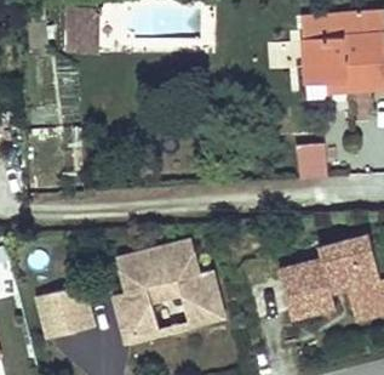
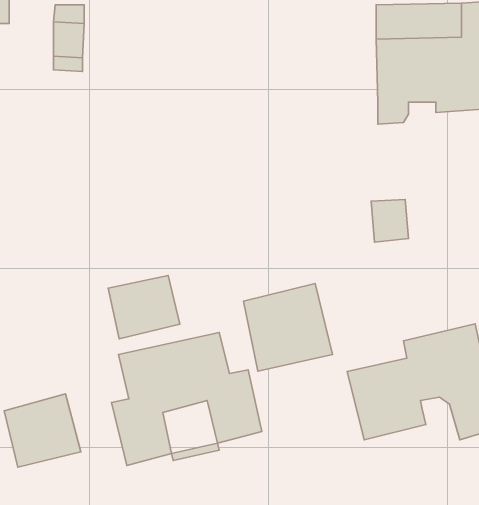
building: none -> [108,276,180,339]
building: none -> [243,284,333,371]

